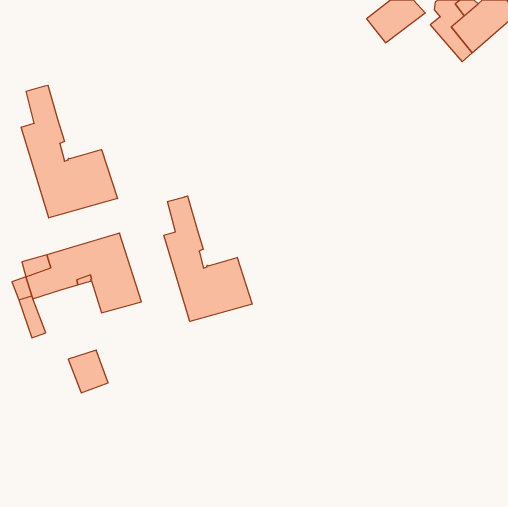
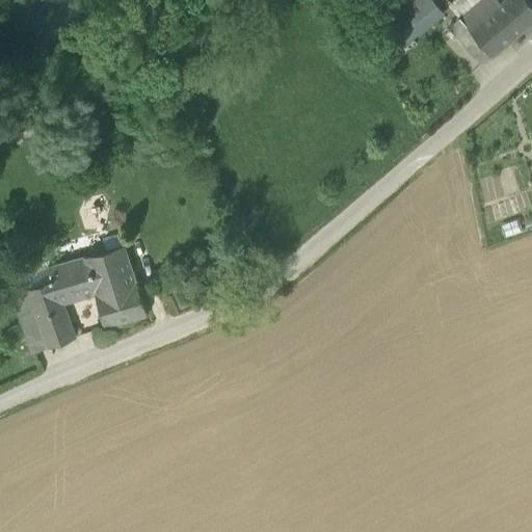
building: [21,85,117,218] -> none
building: [164,196,252,321] -> none
building: [68,350,108,393] -> [35,304,77,349]

